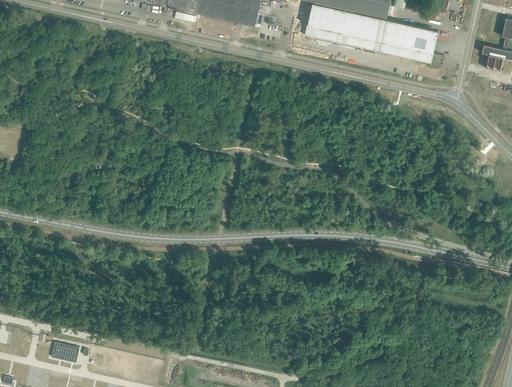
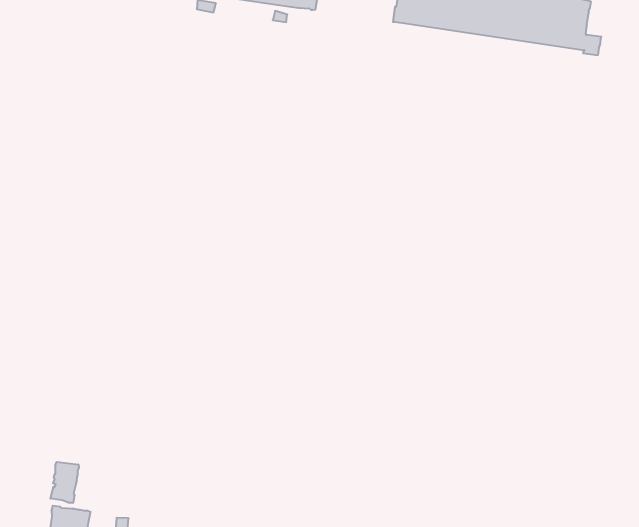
building: none -> [50,462,79,503]

